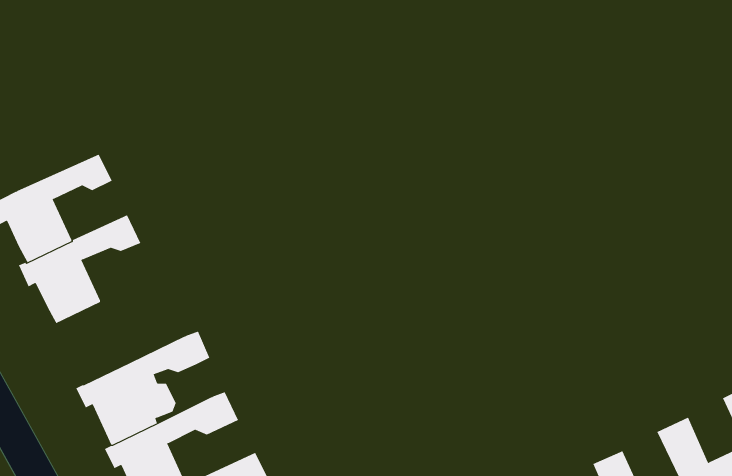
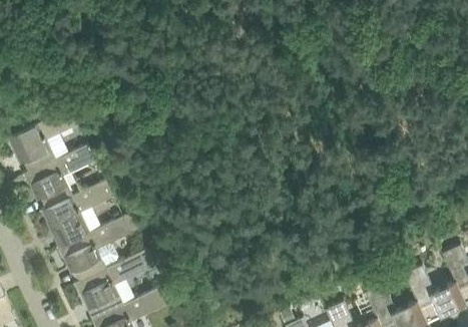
building: none -> [39,182,111,247]

